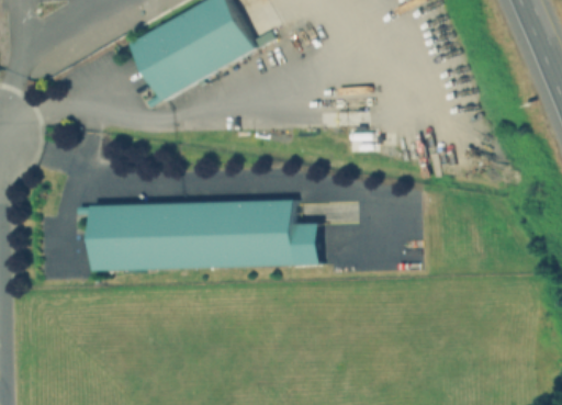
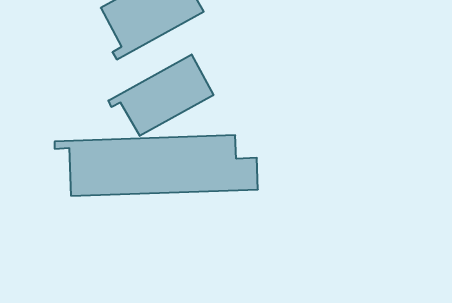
building: none -> [108,54,213,136]

